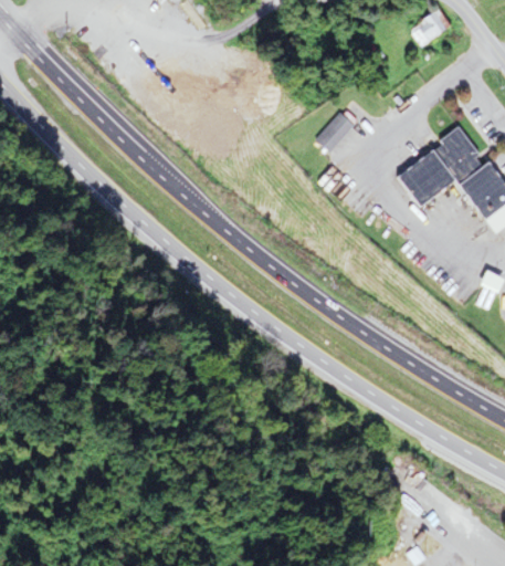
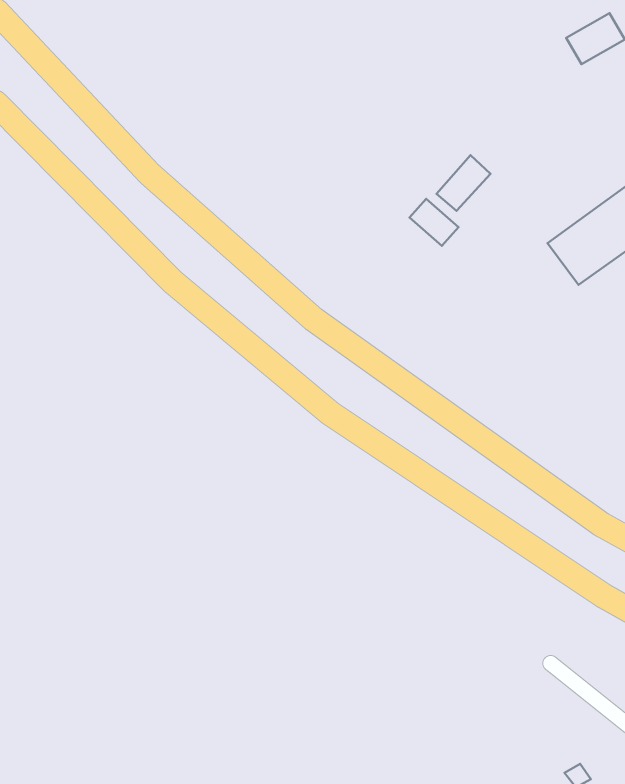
building: none -> [409,199,459,246]

